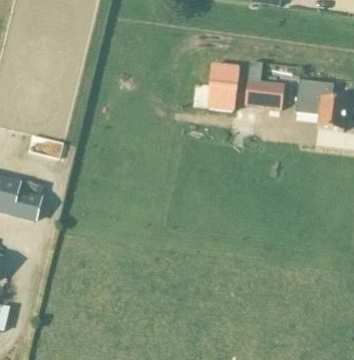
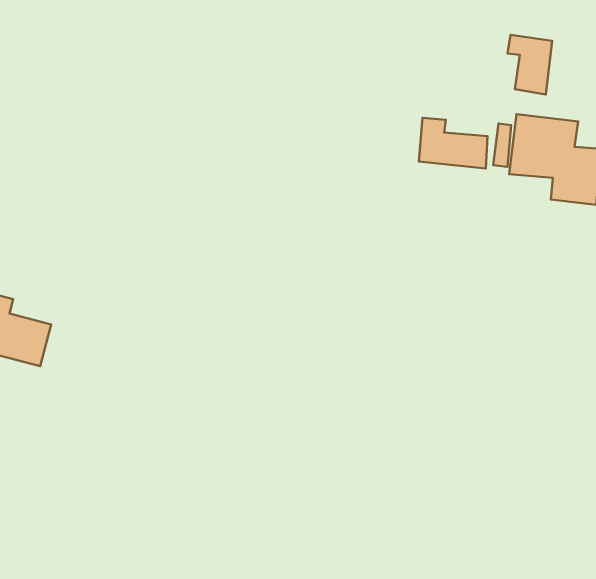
building: none -> [508,35,552,94]
building: [209,61,236,108] -> none

